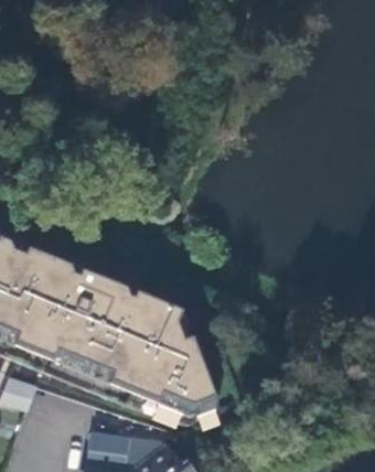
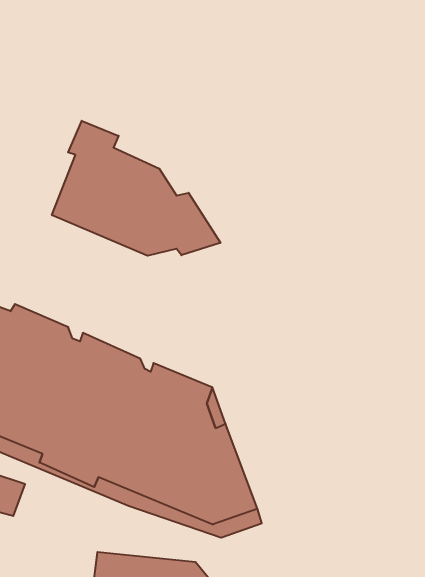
building: none -> [52,121,220,256]

